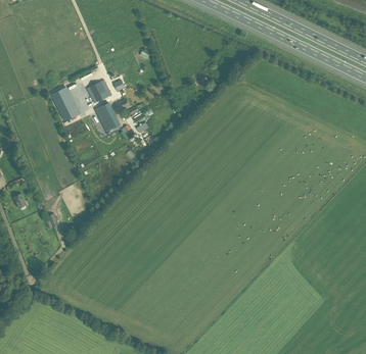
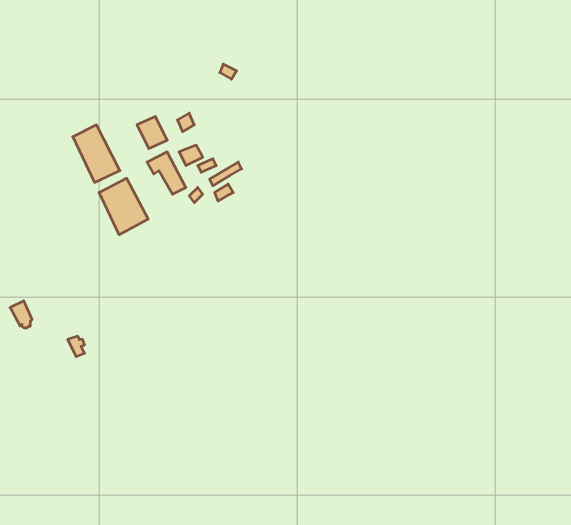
building: none -> [99,178,148,235]

